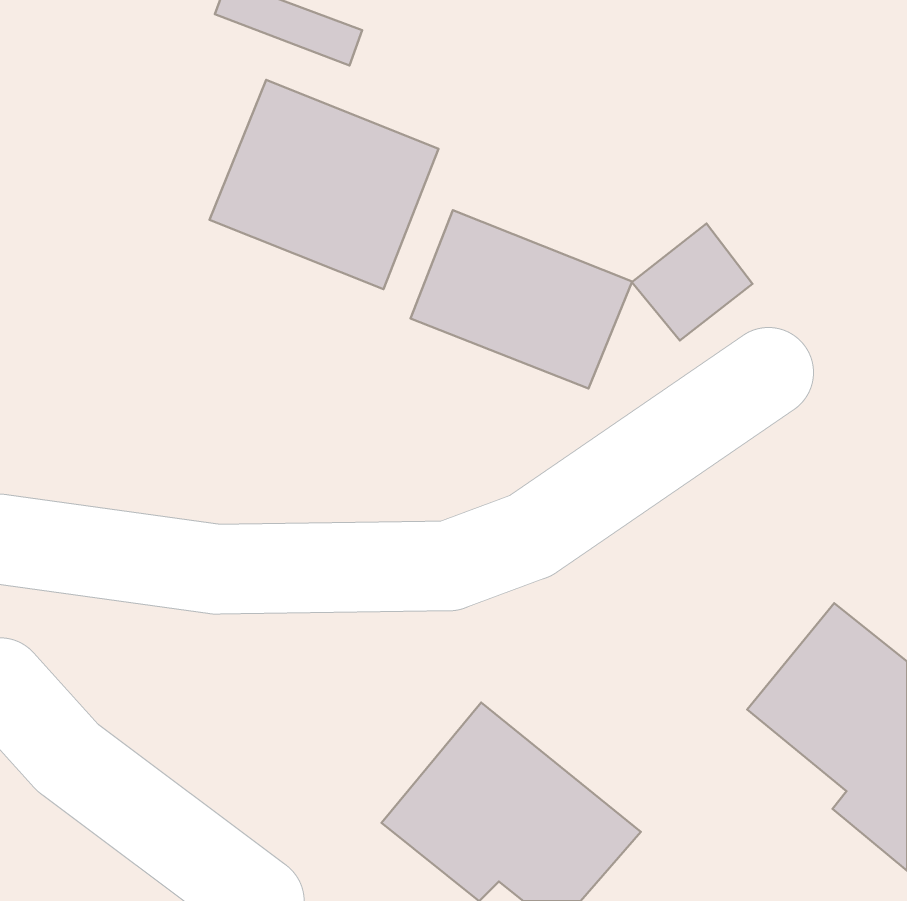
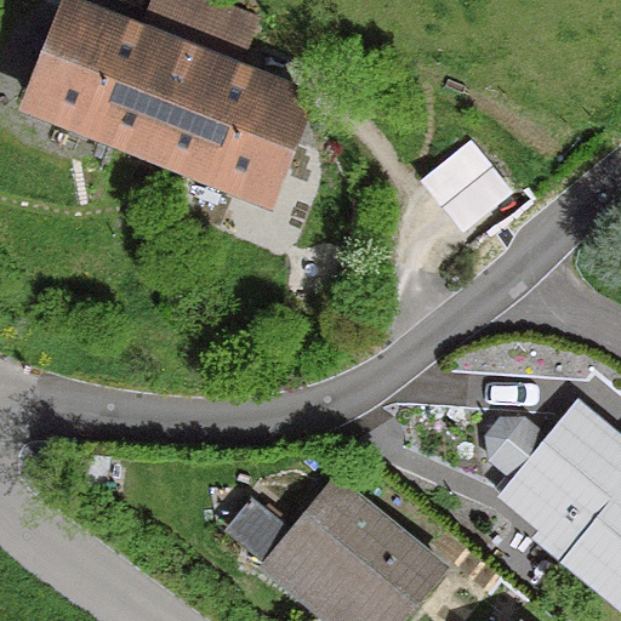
building: none -> [25,7,182,150]
building: [411,210,632,389] -> none

